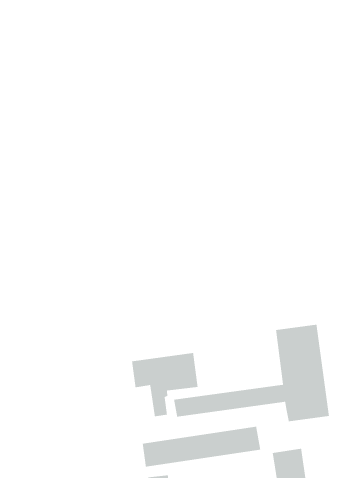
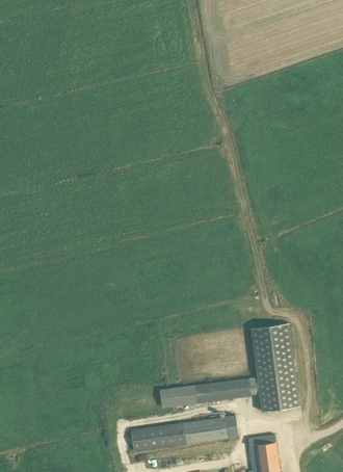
building: [131,352,198,417] -> none

